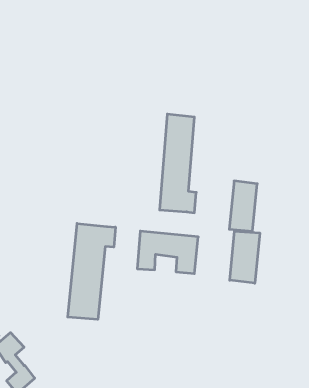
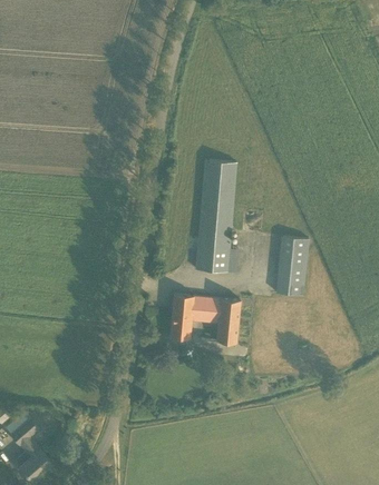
building: [68,223,115,319] -> none
building: [230,231,260,283] -> none

